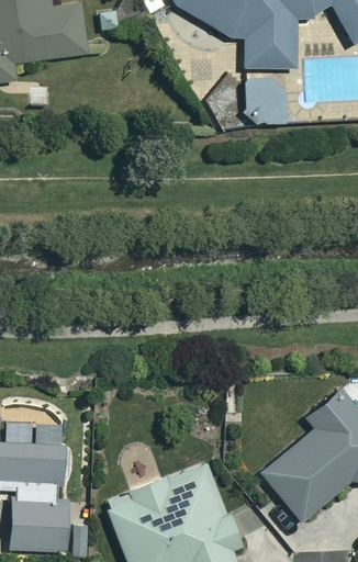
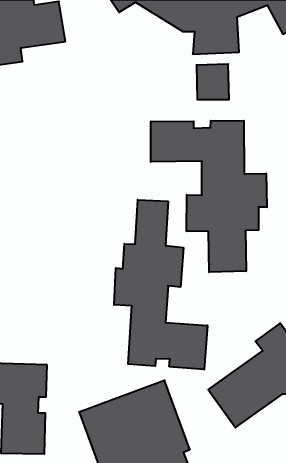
building: none -> [151,121,267,272]
building: none -> [114,200,207,370]

